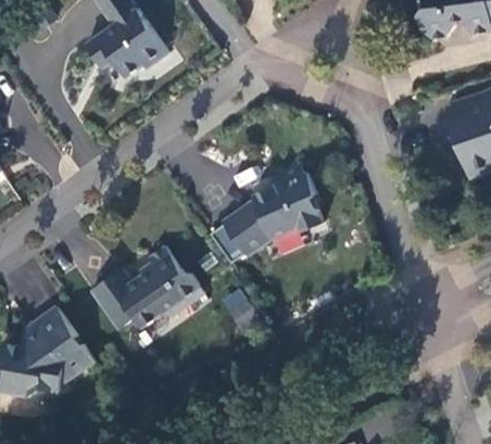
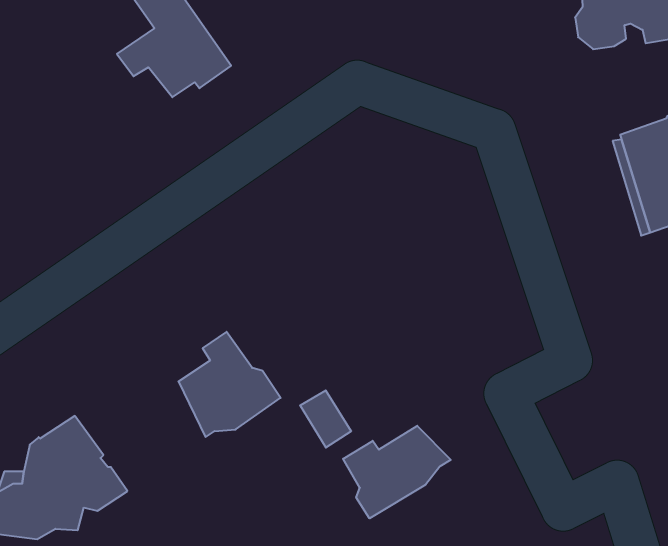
building: [221,164,322,255] -> none
building: [91,270,150,331] -> none
building: none -> [343,426,451,518]

